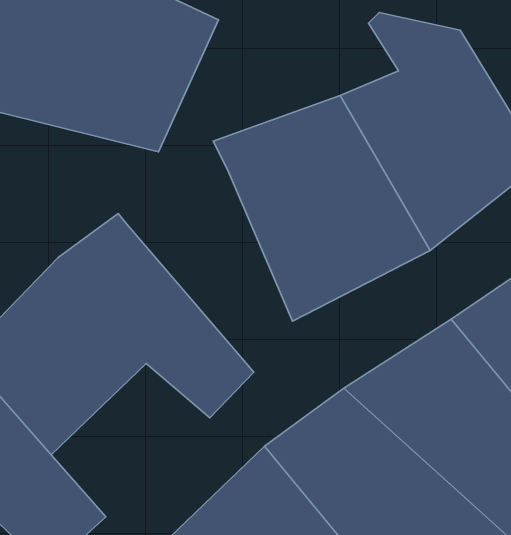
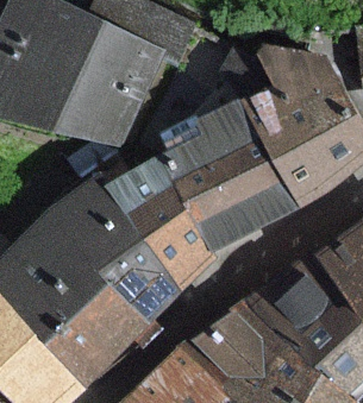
building: none -> [96,153,208,290]
building: none -> [45,284,152,388]

